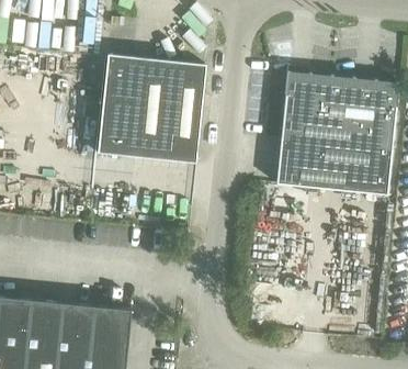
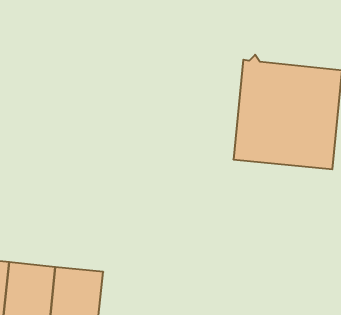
building: [97,54,205,163] -> none

